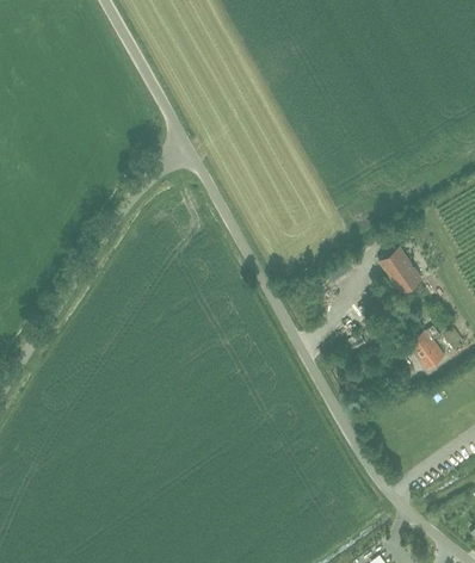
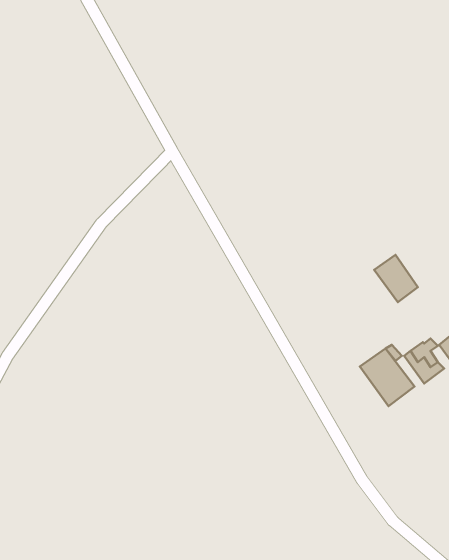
building: none -> [360,348,415,406]

